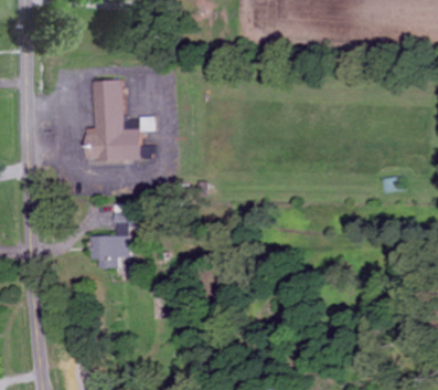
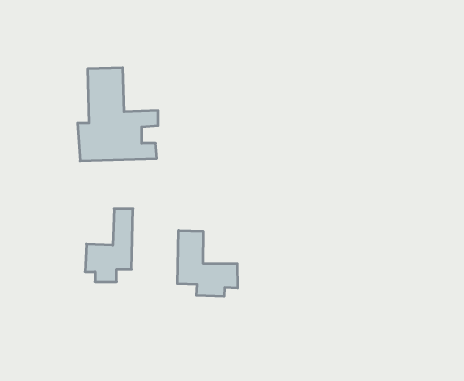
building: none -> [177,230,238,296]

